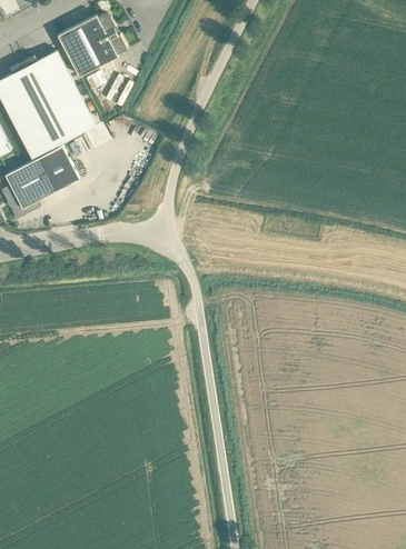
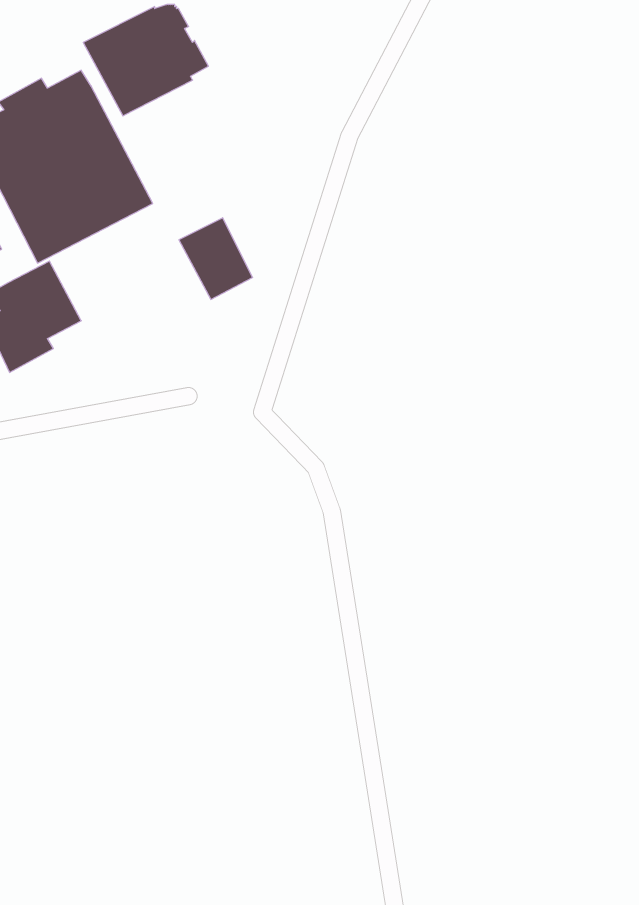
building: [37,146,78,191] -> [179,218,253,299]

